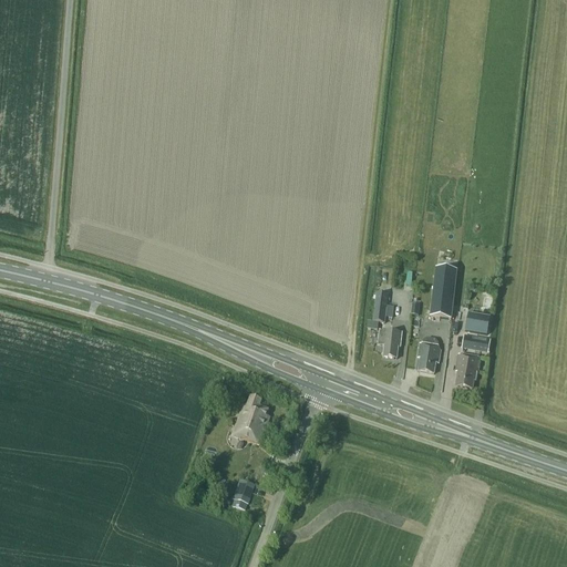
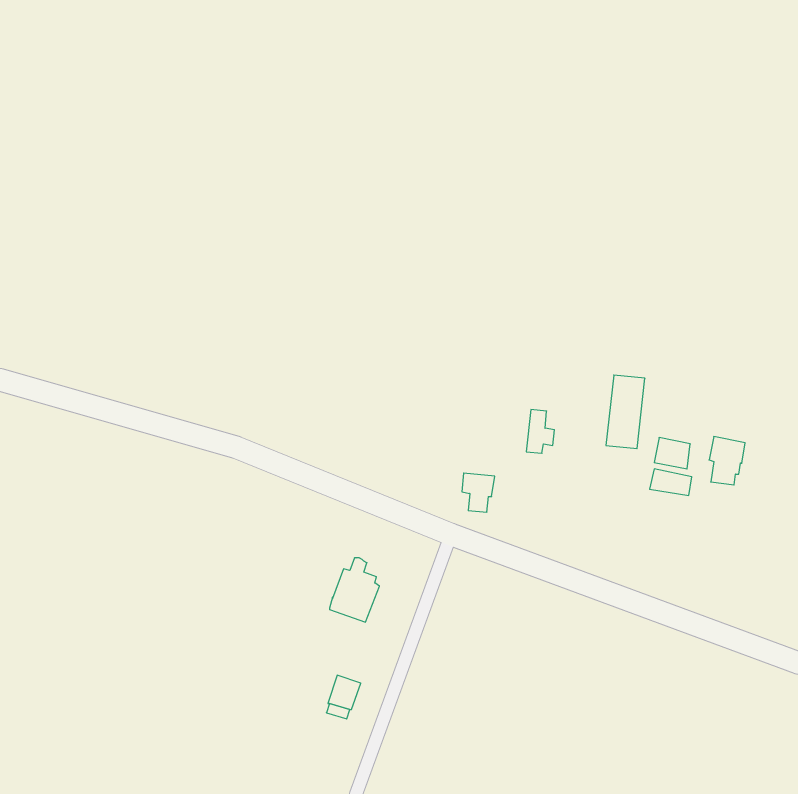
building: [379,329,402,357] -> [462,473,495,512]
building: [417,336,441,372] -> none
building: [455,352,481,386] -> [709,437,745,485]

